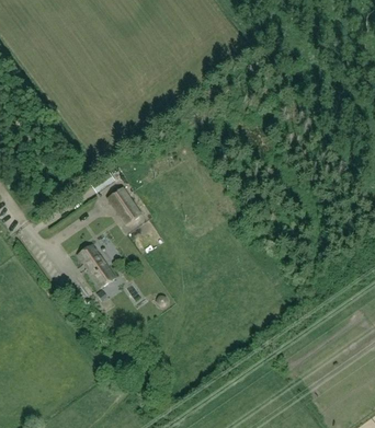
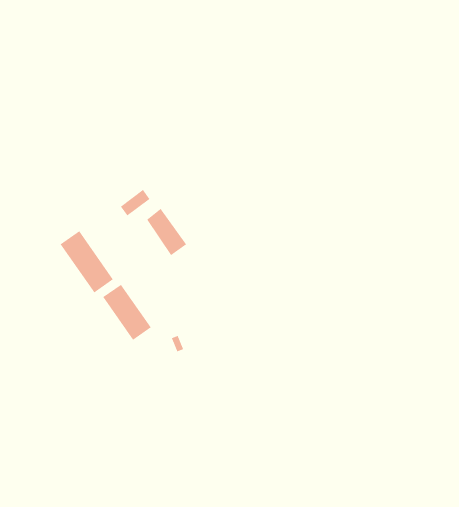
building: none -> [60,230,114,294]

